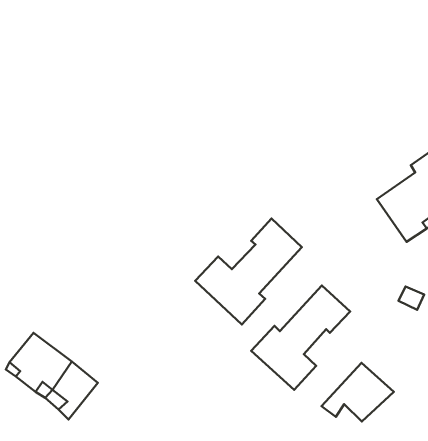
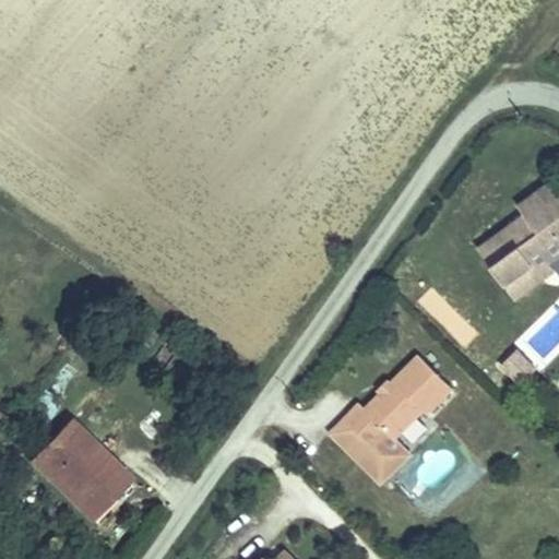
building: [195,218,302,324] -> none
building: [321,363,394,421] -> none

